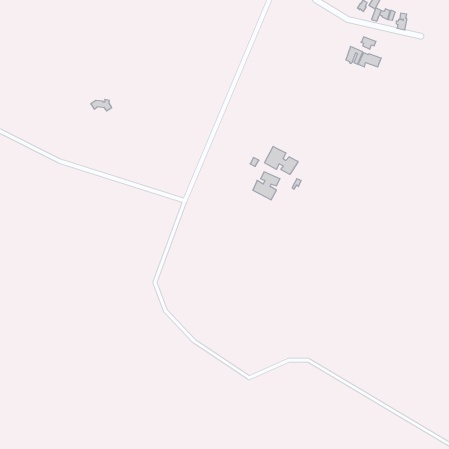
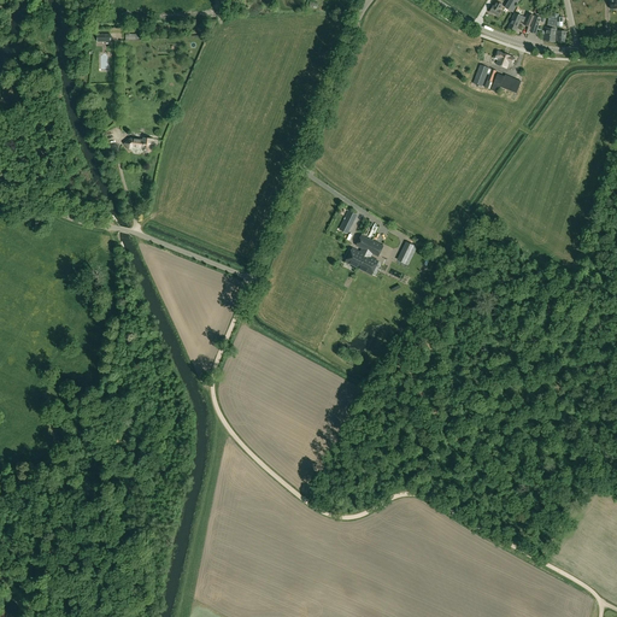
building: [265,146,298,174] -> none

